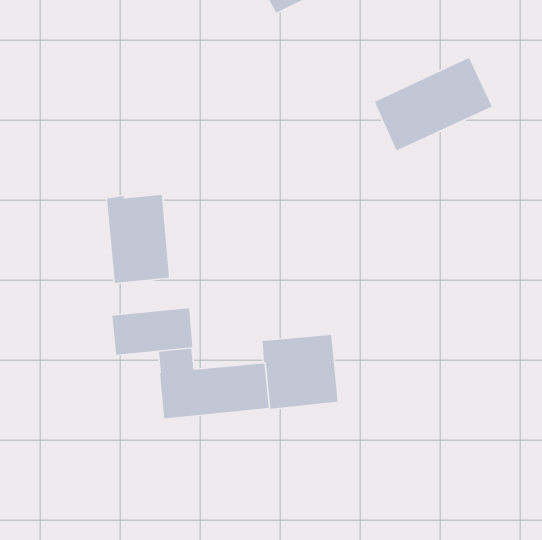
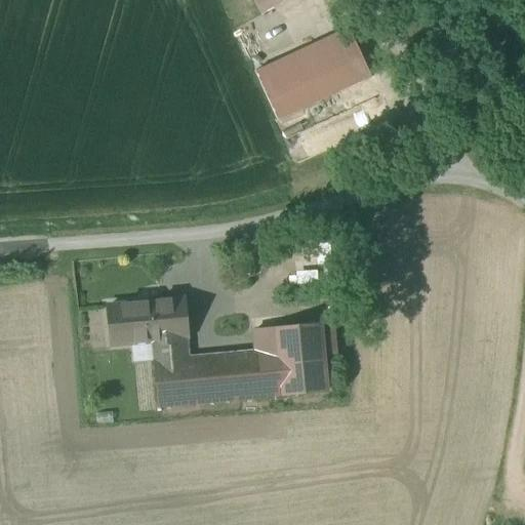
building: [374,57,493,151] -> [256,27,371,118]
building: [106,194,170,283] -> none

